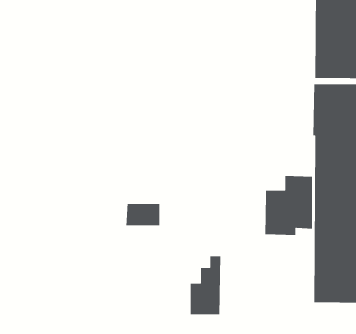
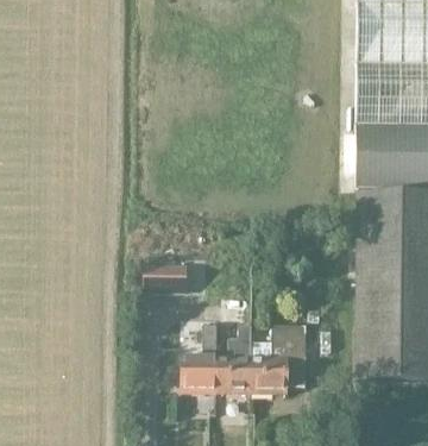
building: [265,175,313,236] -> [251,325,306,394]
building: none -> [182,325,218,392]

